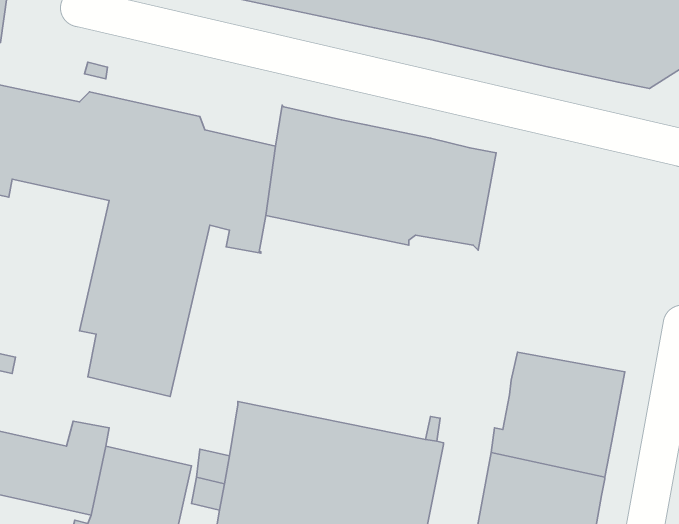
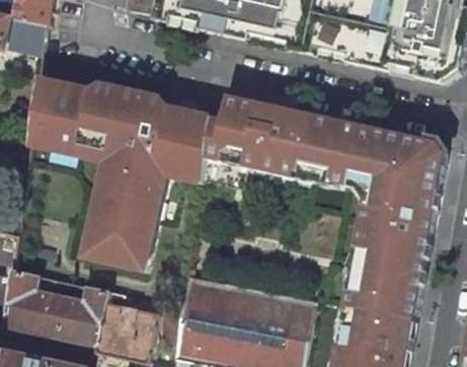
building: none -> [333,121,441,255]

